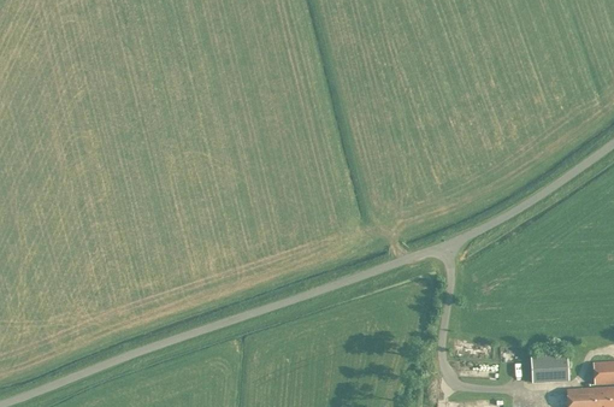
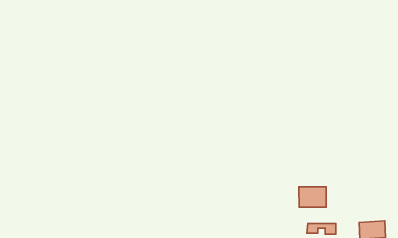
building: none -> [299,187,326,207]

